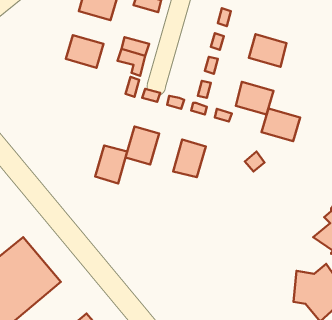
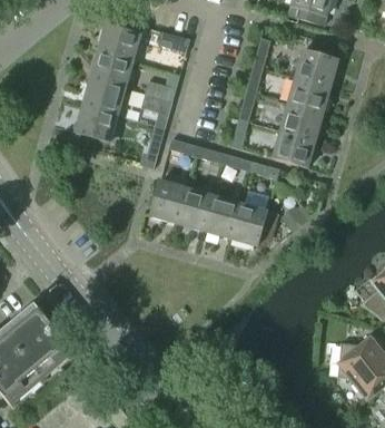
building: none -> [295,49,337,87]
building: none -> [90,51,132,88]
building: none -> [72,105,117,148]
building: [261,108,300,141] -> [279,104,323,140]
building: [95,146,127,183] -> [177,188,213,231]
building: none -> [229,203,267,245]

